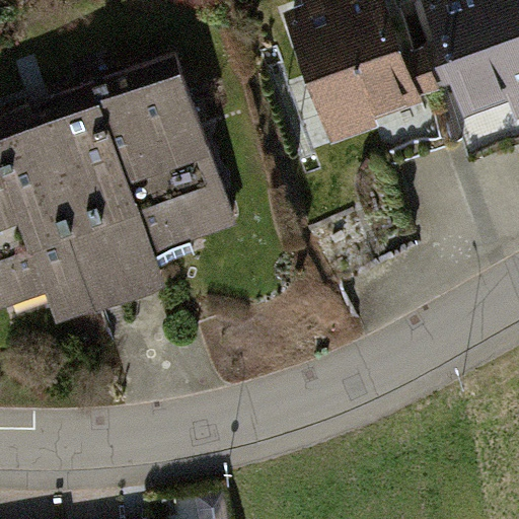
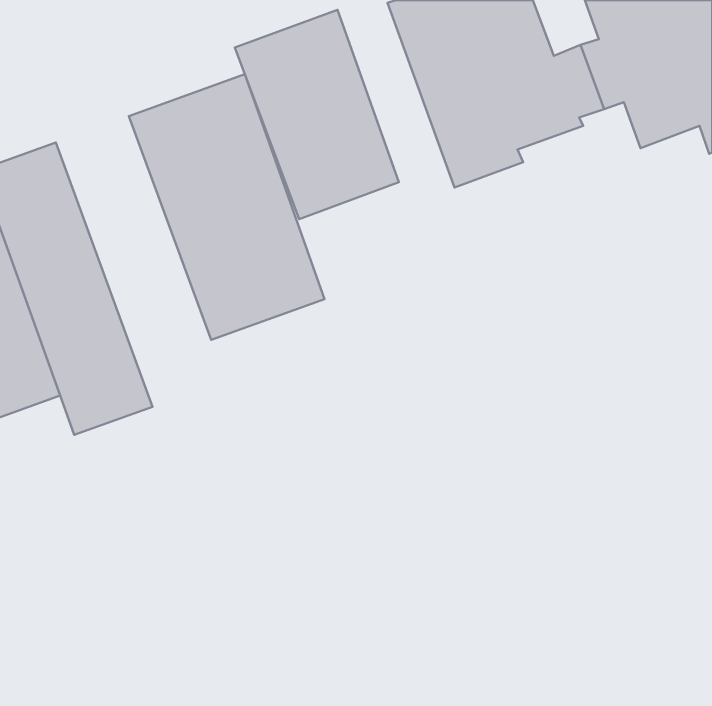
building: none -> [235,10,399,219]
building: [41,90,164,301] -> none

